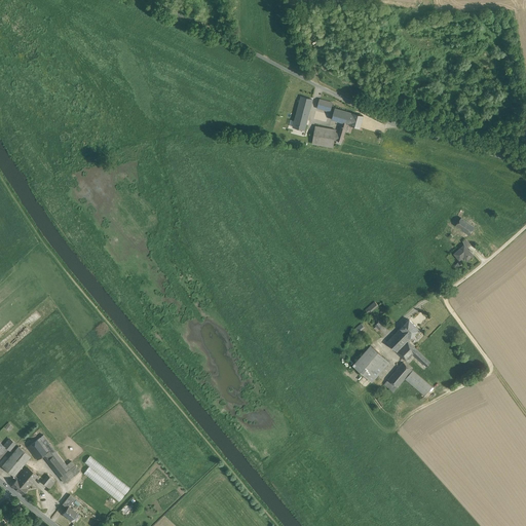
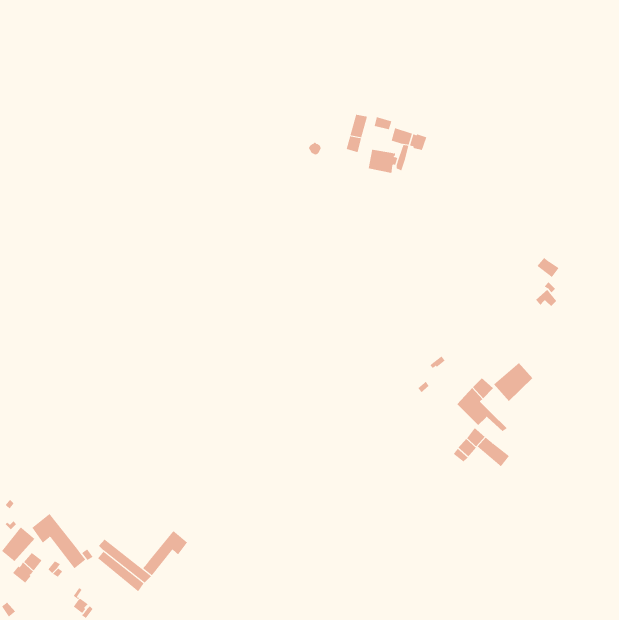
building: none -> [493,362,533,402]
building: [351,345,388,382] -> none
building: none -> [142,530,188,576]

